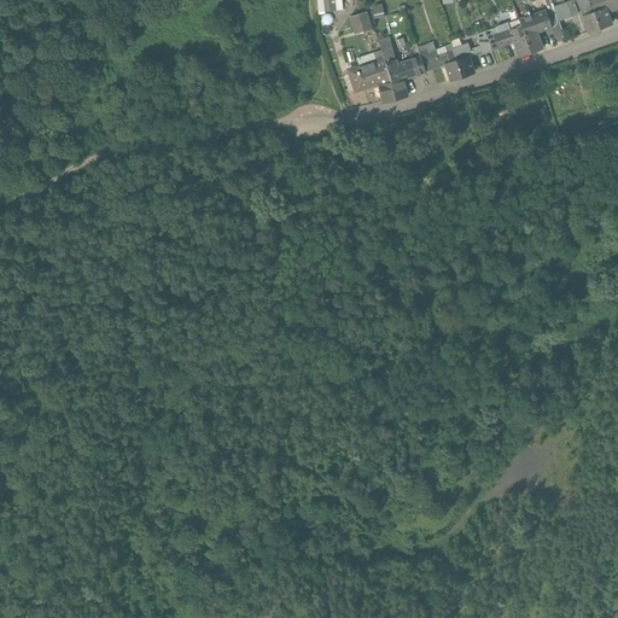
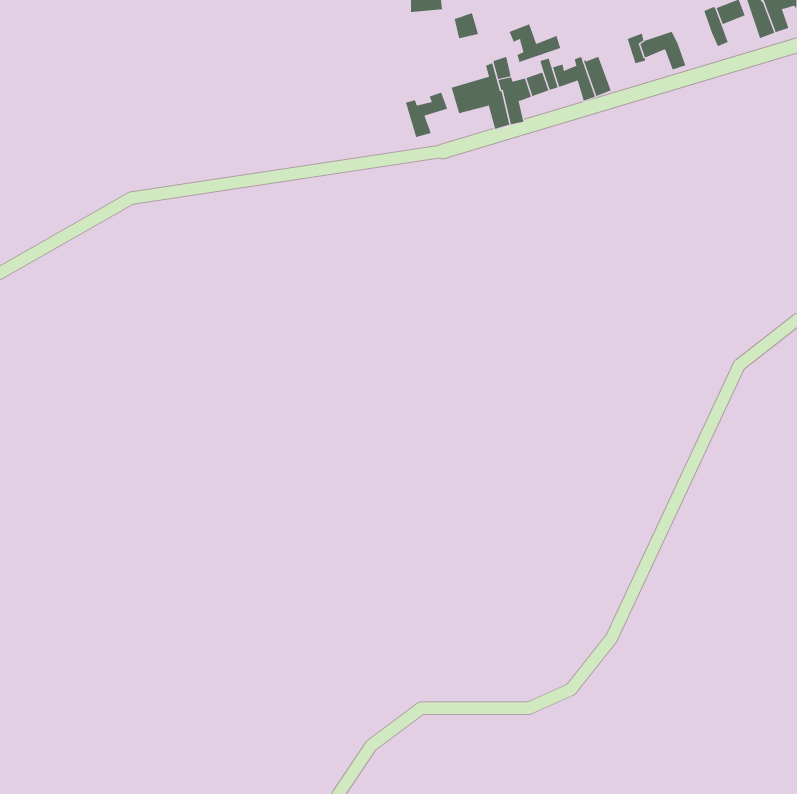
building: [519,8,550,51] -> none
building: none -> [509,24,561,63]
building: none -> [405,92,448,138]

